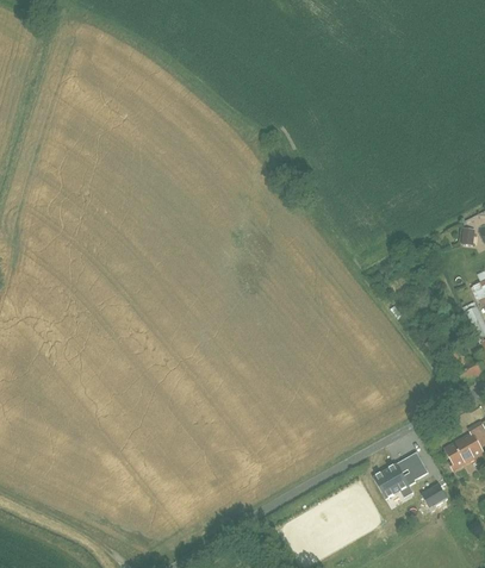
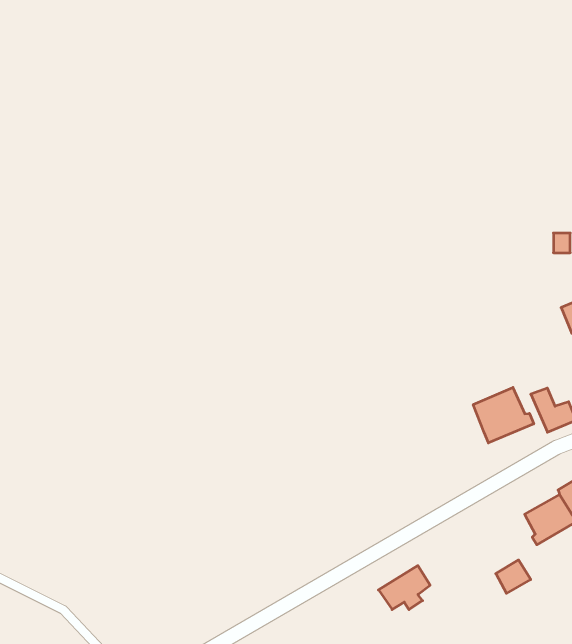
building: none -> [473,387,534,443]
building: [386,451,427,486] -> [378,566,430,610]

